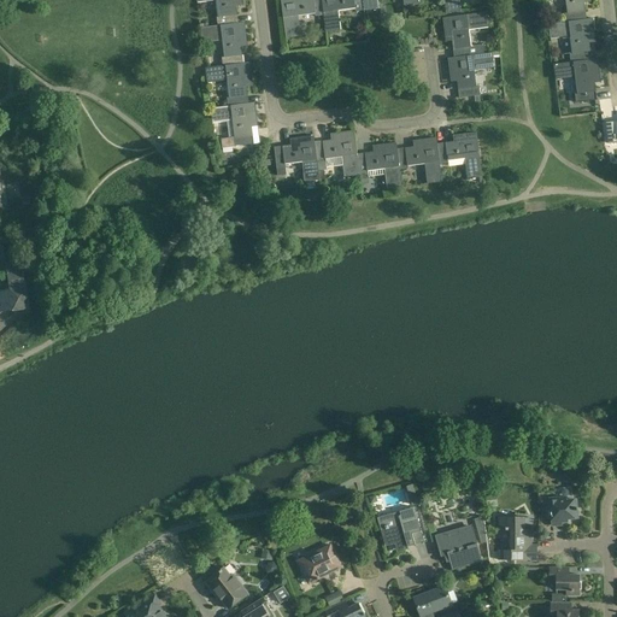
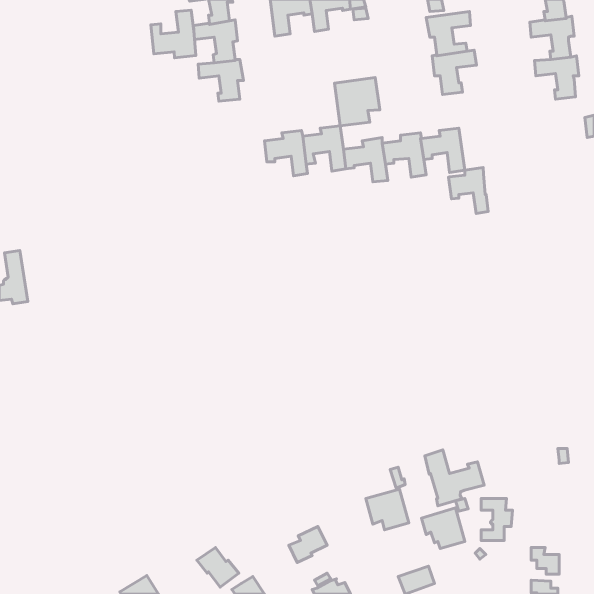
building: none -> [151,10,196,58]
building: none -> [334,78,380,126]
building: [210,102,257,147] -> none
building: none -> [448,167,488,214]
building: none -> [425,450,484,506]
building: [546,496,576,524] -> none

